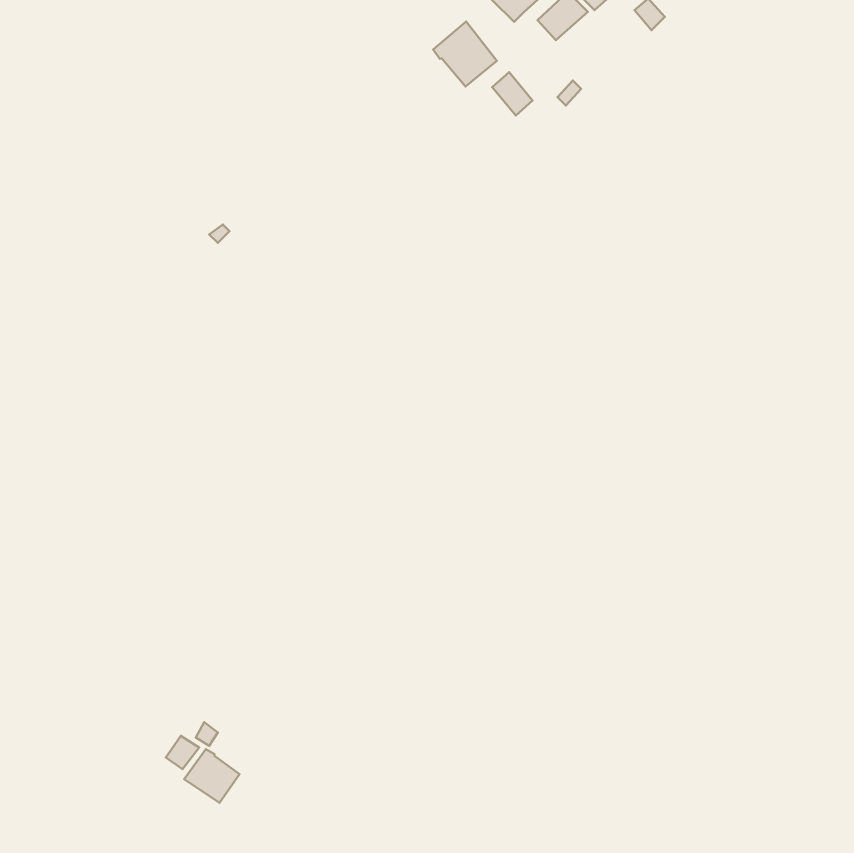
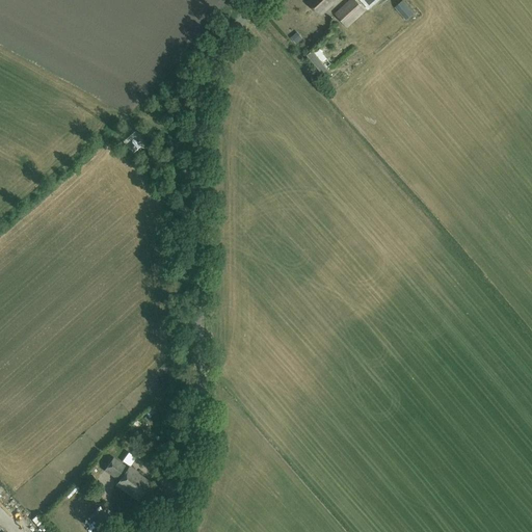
building: [433,22,497,87] -> none

